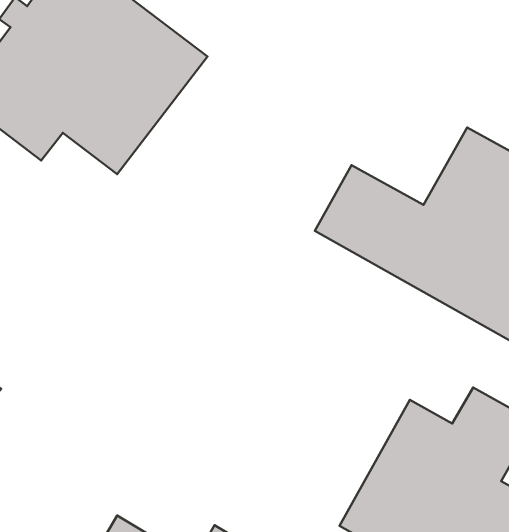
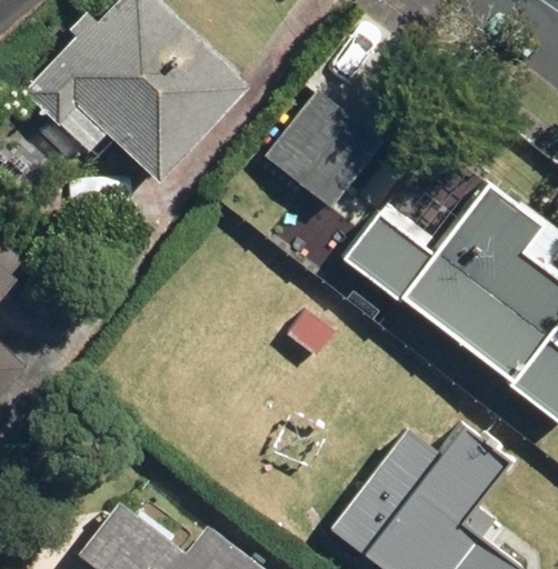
building: none -> [257,84,407,212]

